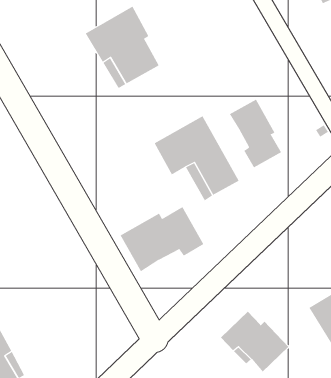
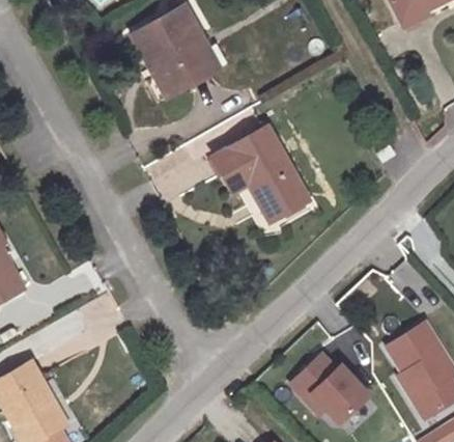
building: [229,99,282,168] -> none
building: [120,206,204,272] -> none

